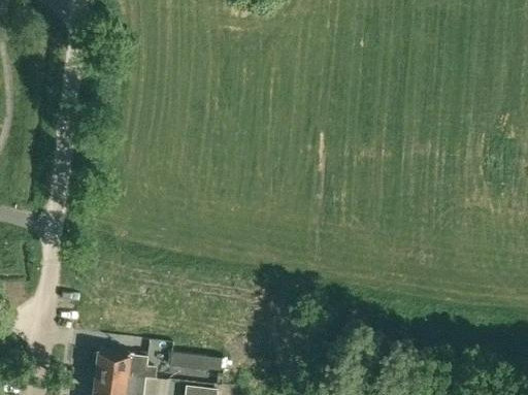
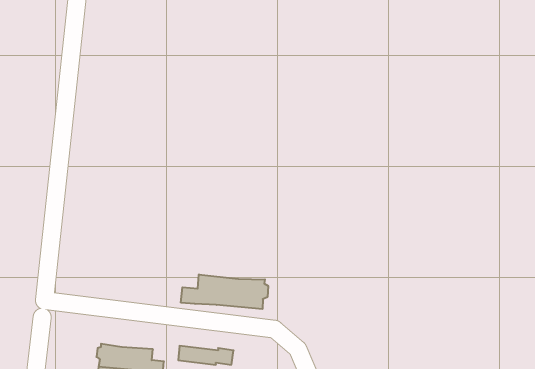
building: none -> [181,274,268,309]

